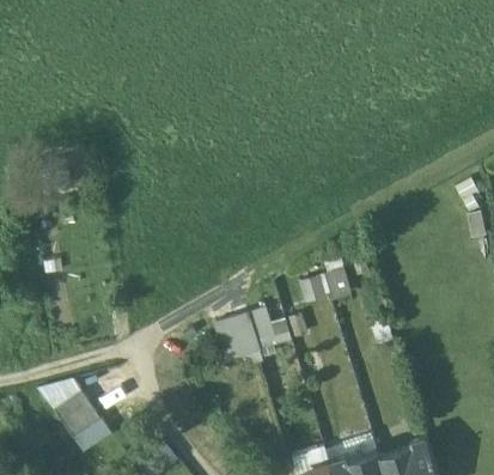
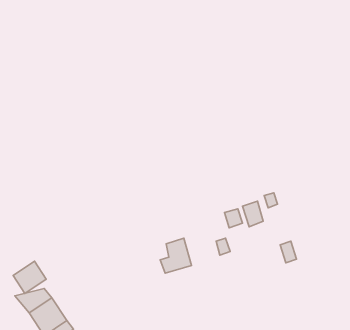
building: [249,310,291,349] -> none
building: none -> [13,261,46,293]

